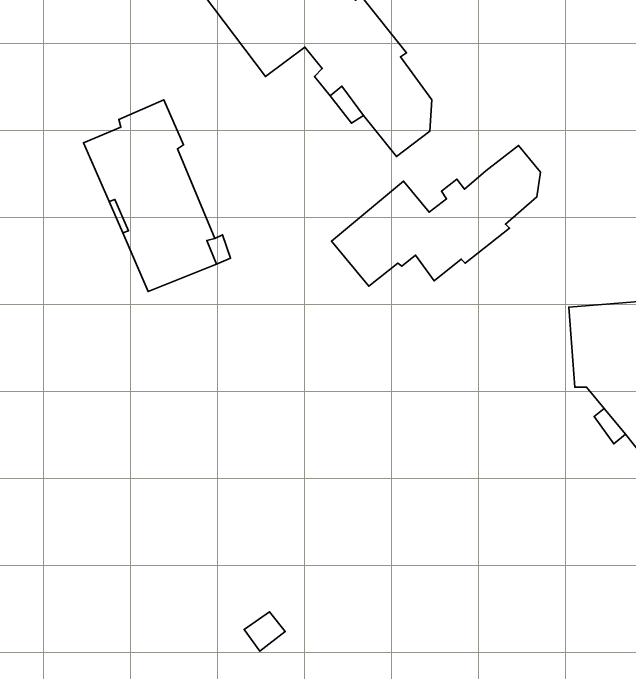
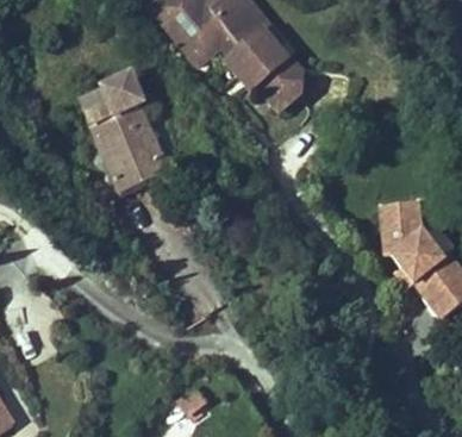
building: [332,146,540,286] -> none

